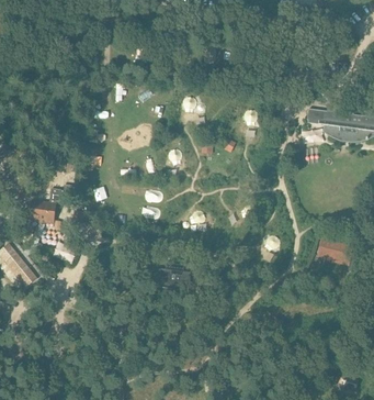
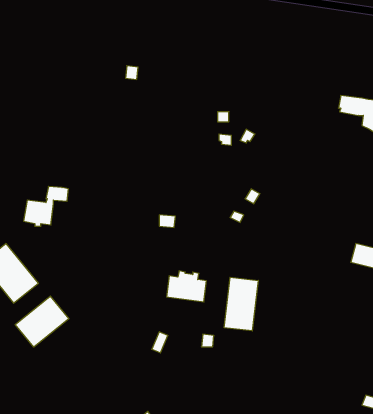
building: none -> [224,277,258,331]
building: none -> [15,296,69,347]

